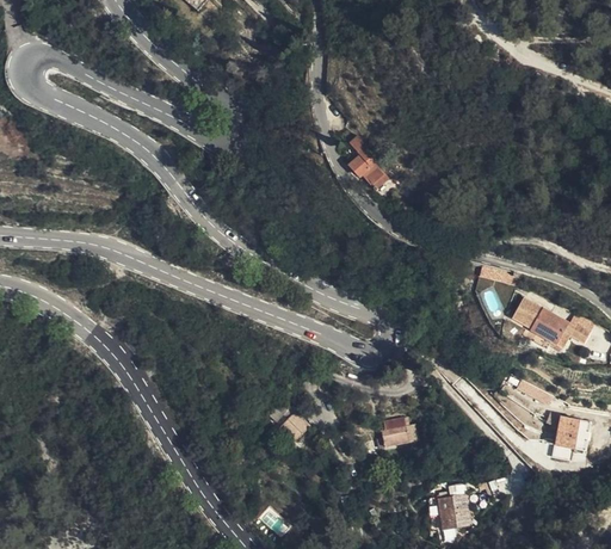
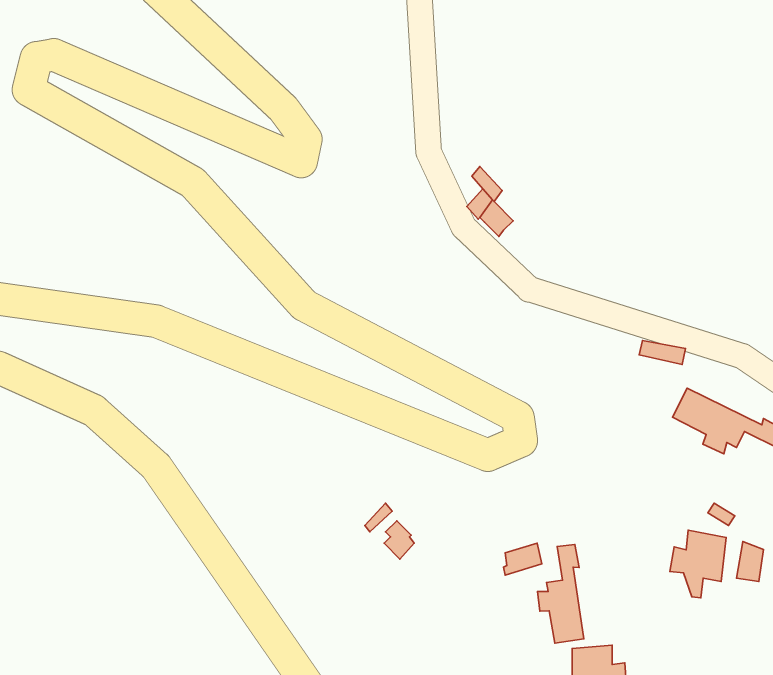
building: none -> [670,530,726,598]
building: none -> [537,545,584,643]

